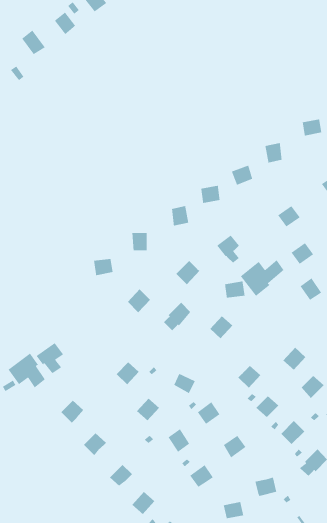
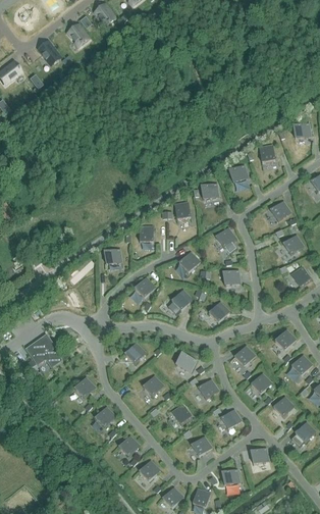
building: [240,259,284,297] -> none
building: [36,342,64,374] -> none

